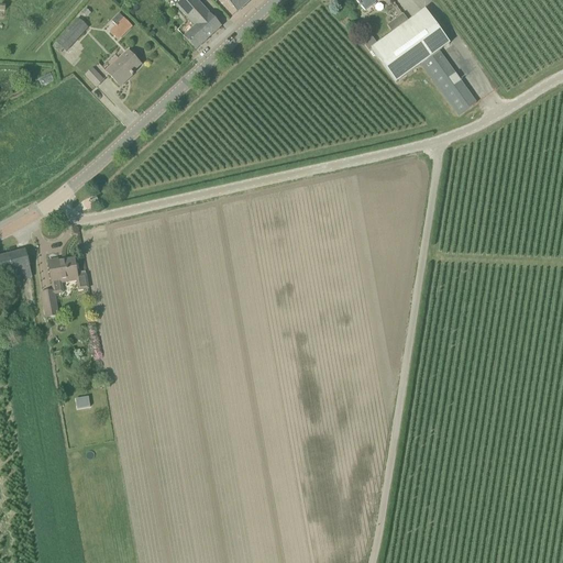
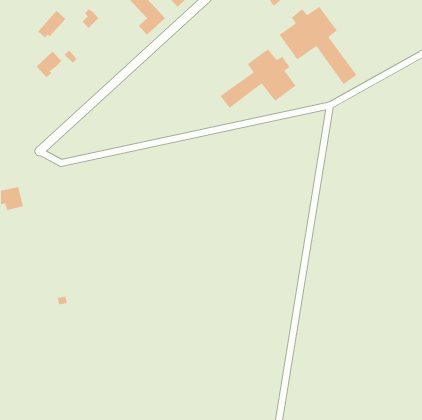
building: [106,48,141,85] -> [36,51,62,78]
building: none -> [220,48,297,109]
building: [42,256,88,316] -> none

